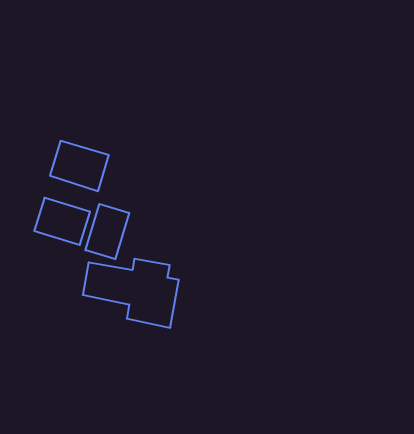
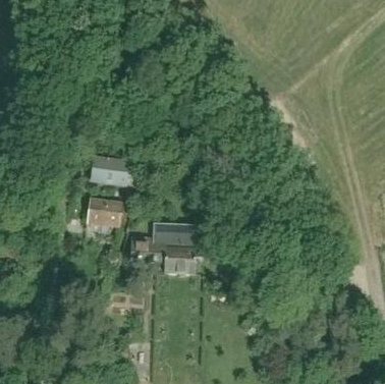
building: [85,204,129,259] -> none

